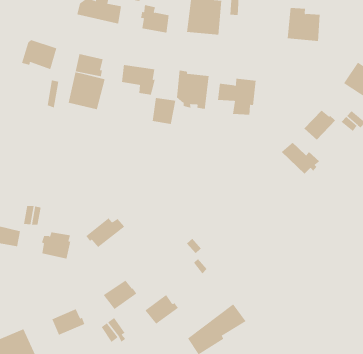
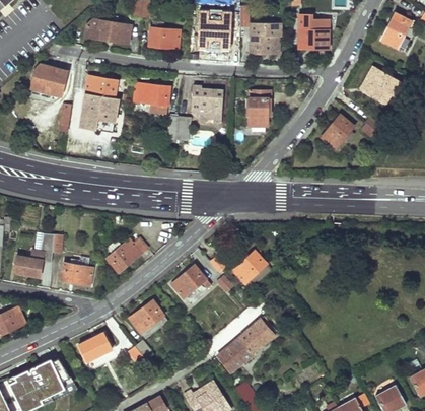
building: none -> [250,25,281,53]
building: [281,142,320,175] -> none
building: none -> [232,251,267,283]
building: [145,294,179,324] -> [171,266,206,297]

